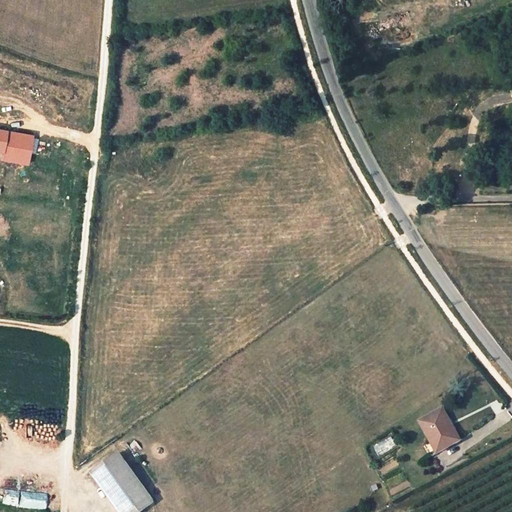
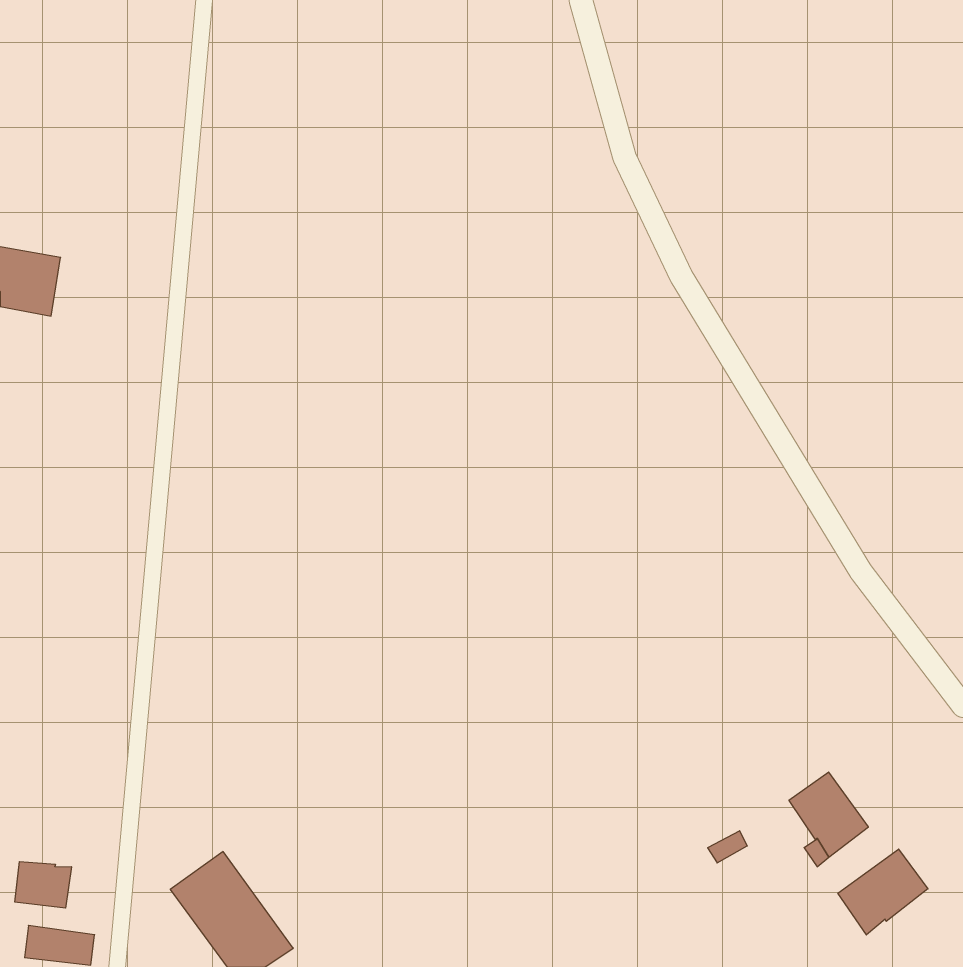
building: none -> [838,849,928,935]
building: none -> [15,862,71,908]

